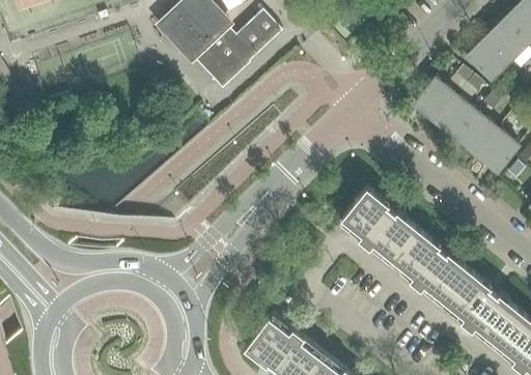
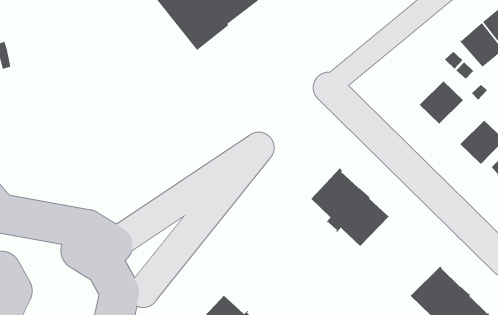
building: [412,79,453,121] -> none
building: [453,113,495,154] -> none
building: [390,228,467,300] -> none

